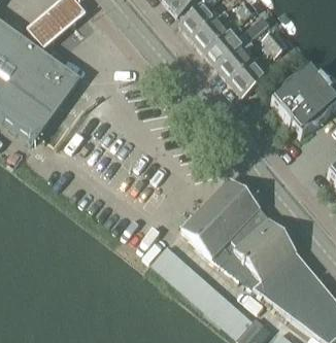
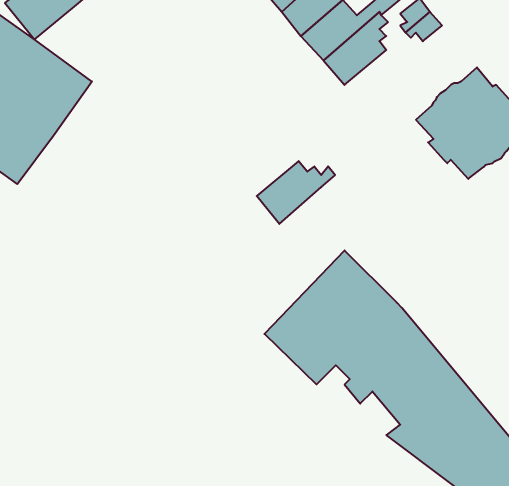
building: [228,58,274,95] -> [257,161,335,224]

